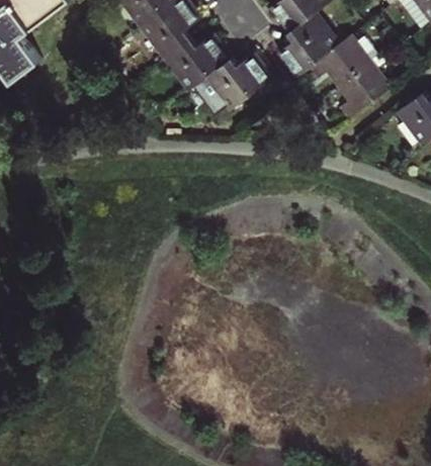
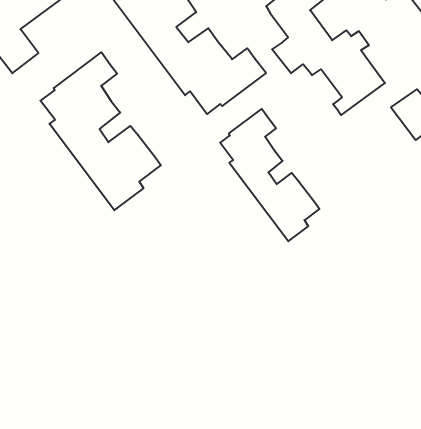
building: none -> [40,52,161,210]
building: none -> [220,109,319,241]

